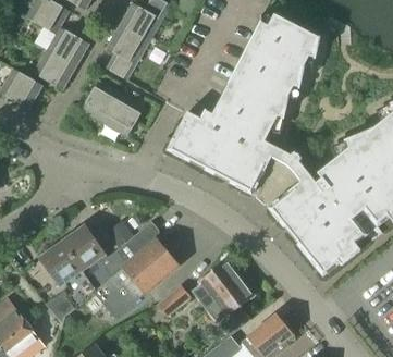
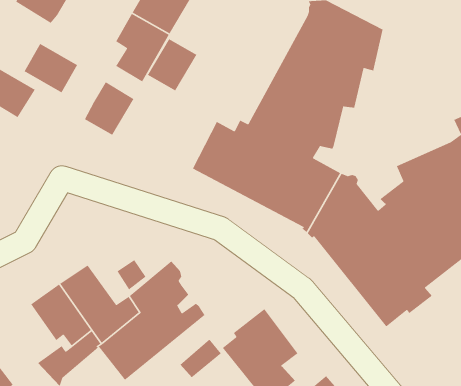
building: [46,27,89,66] -> none
building: [103,94,144,136] -> [147,38,197,92]

